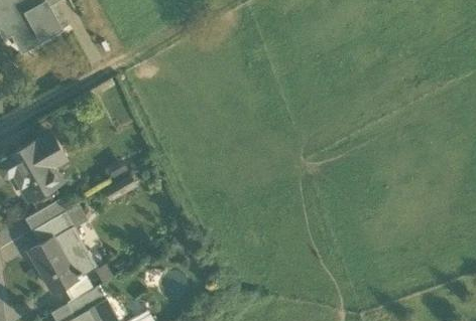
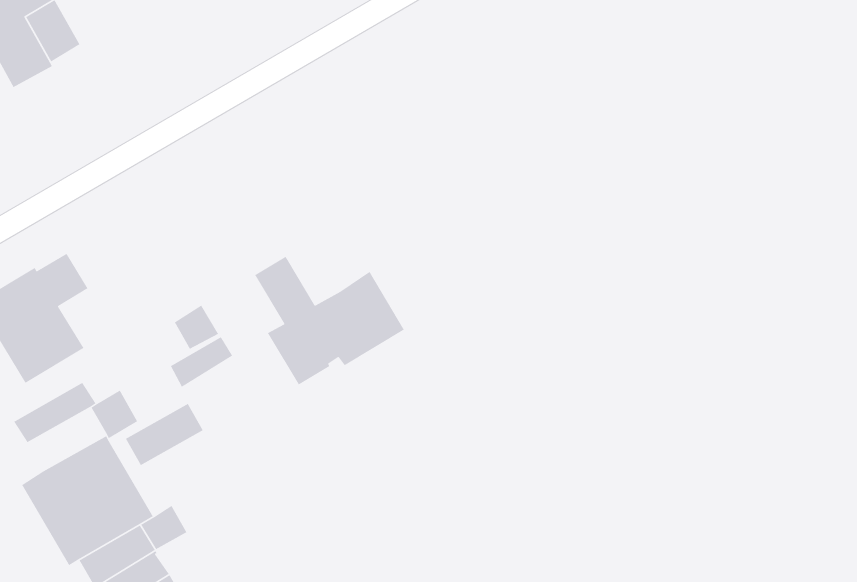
building: none -> [254,256,405,386]
building: [31,212,72,245] -> [125,403,204,466]

